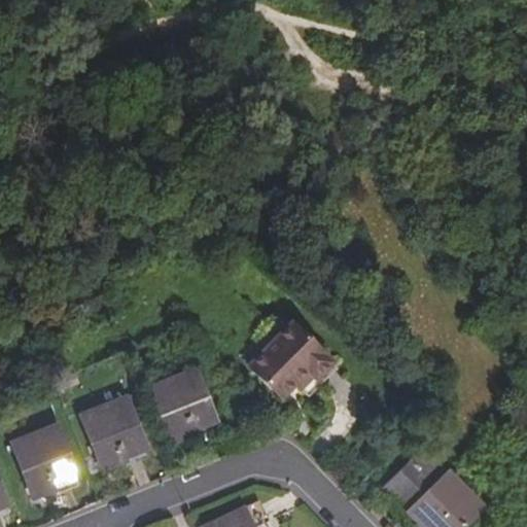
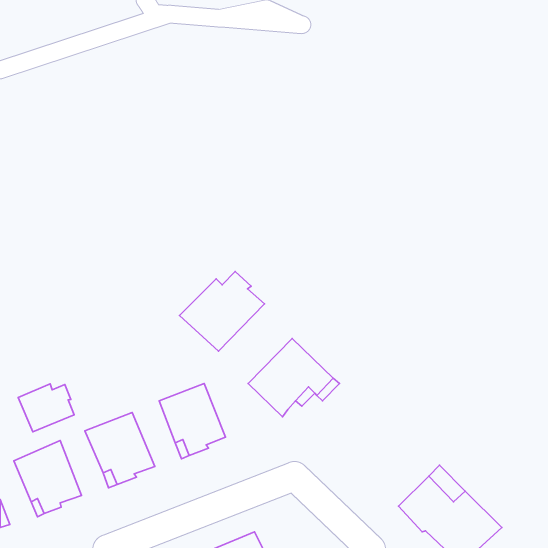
building: none -> [180,272,265,351]
building: none -> [18,384,74,432]

